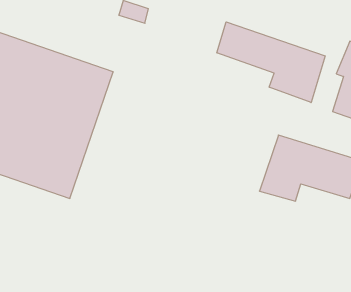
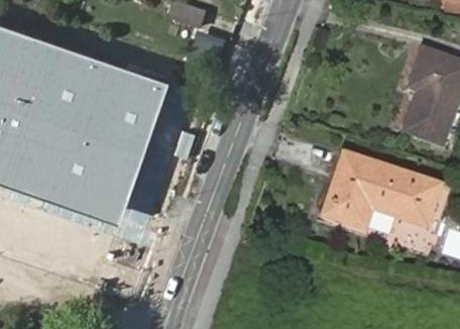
building: [217,22,325,103] -> none

